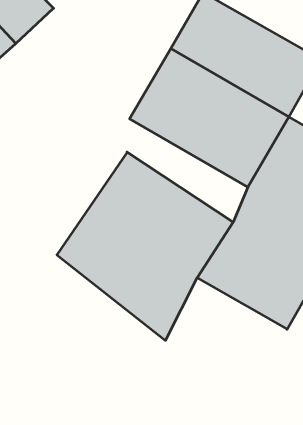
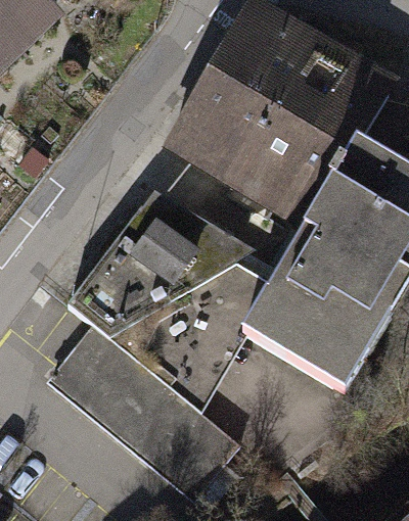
building: none -> [41,307,240,495]

